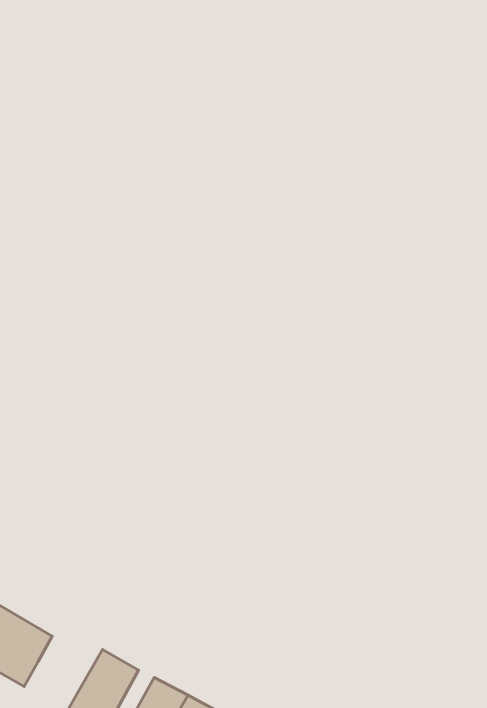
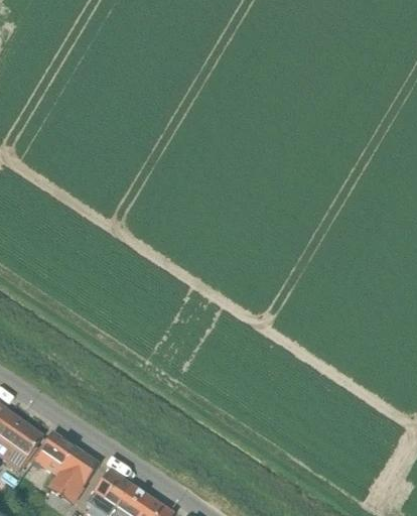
building: none -> [31,430,76,474]

